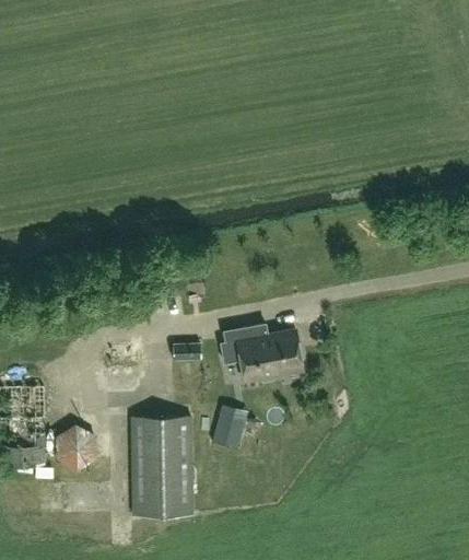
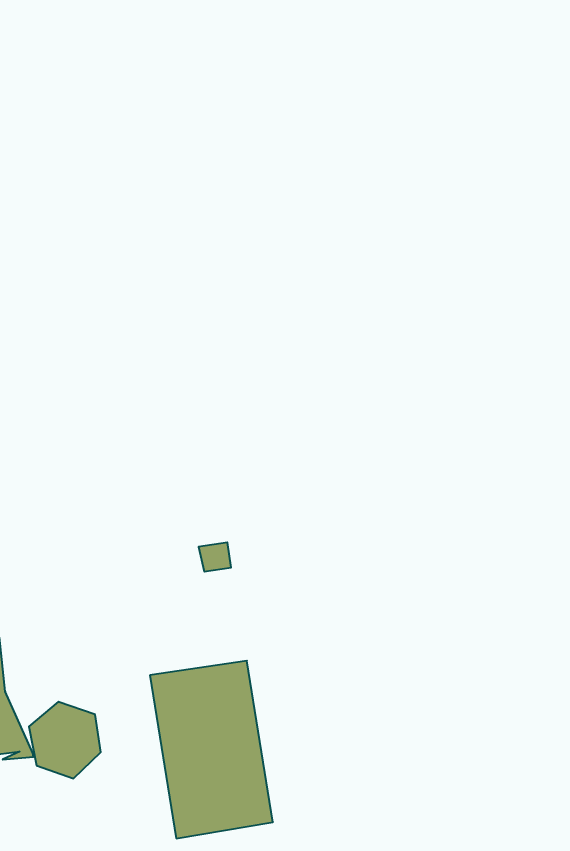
building: [220,323,304,381] -> none
building: [212,412,246,448] -> none

